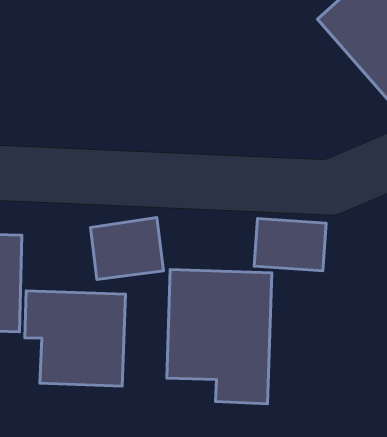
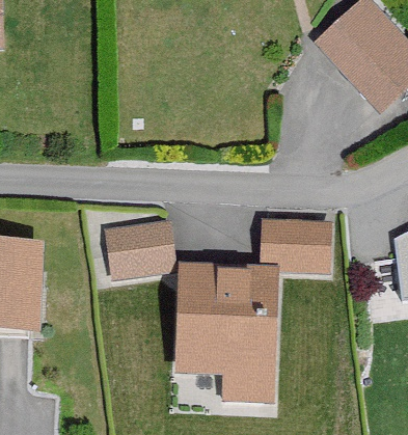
building: [25,291,125,386] -> none

